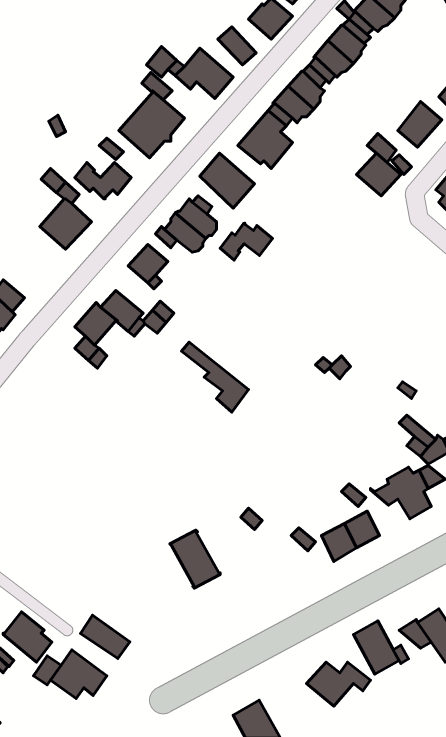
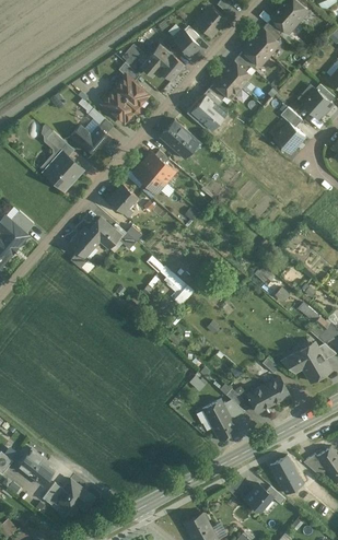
building: [220,223,273,260] -> none
building: [170,530,220,588] -> [202,399,238,441]
building: [80,615,130,659] -> none

